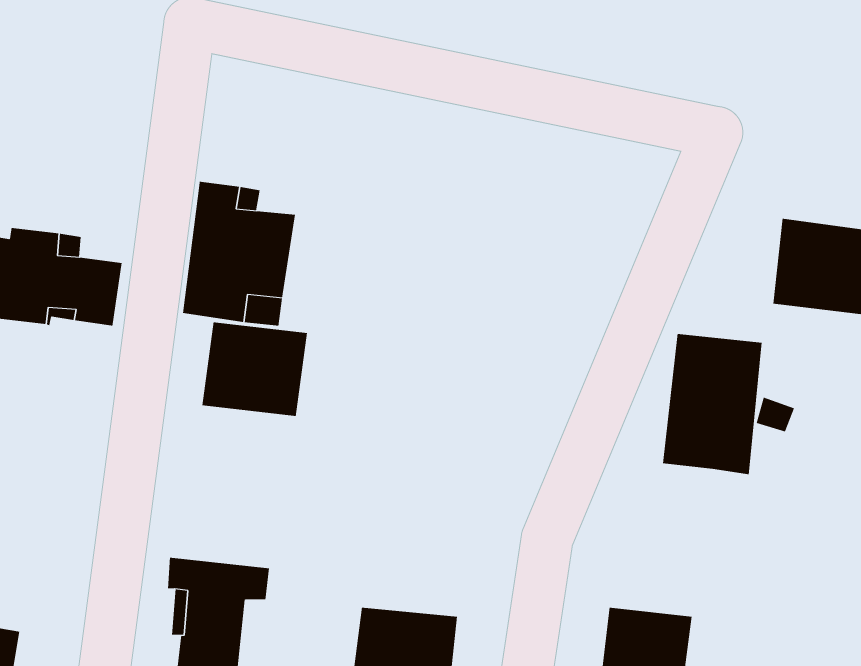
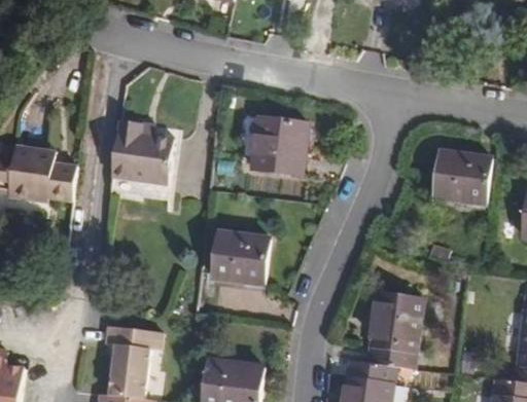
building: none -> [256,118,309,173]
building: [202,322,308,417] -> [210,230,269,283]
building: [662,333,763,475] -> [364,289,420,367]

